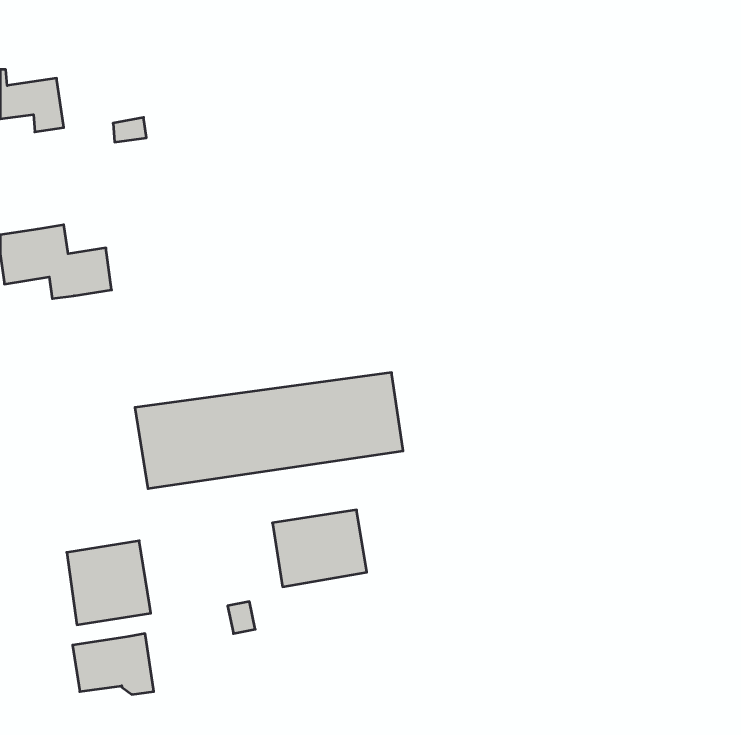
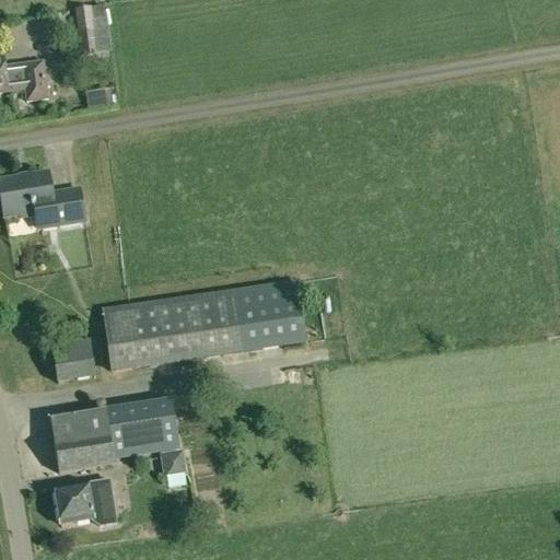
building: none -> [75,15,110,54]
building: none -> [50,338,95,383]
building: [272,510,367,587] -> [105,398,176,456]

